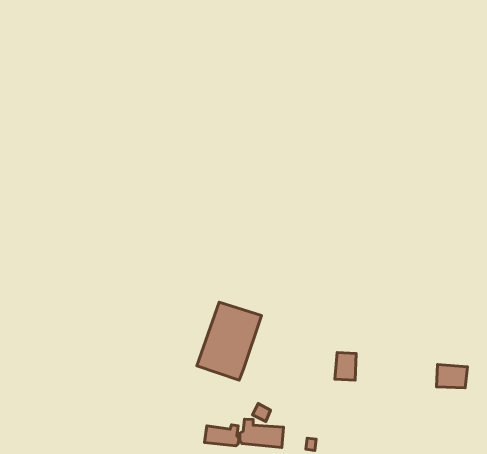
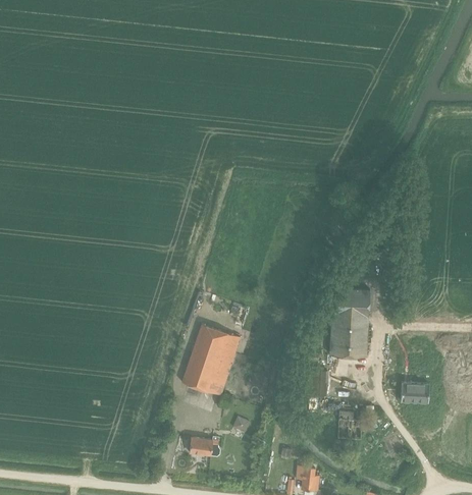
building: none -> [329,289,370,358]
building: [240,419,283,448] -> none

